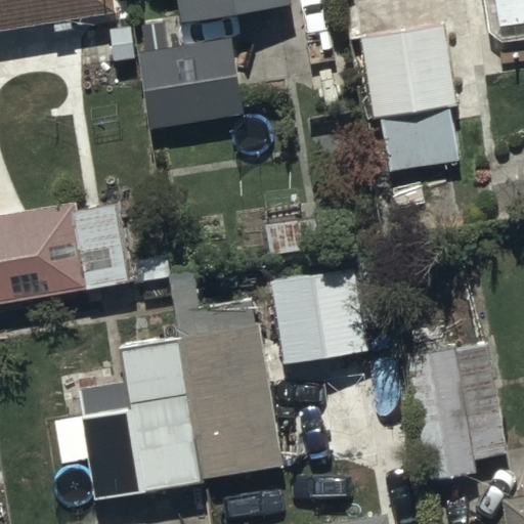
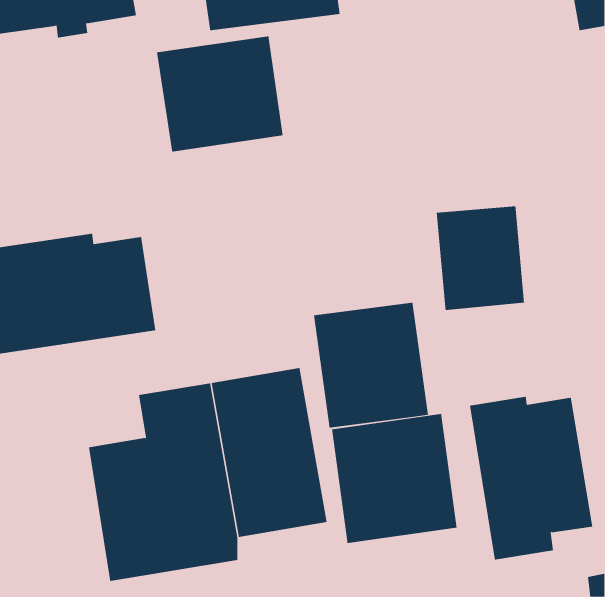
building: [361,14,458,166] -> none
building: none -> [436,206,525,311]
building: none -> [332,413,457,544]

